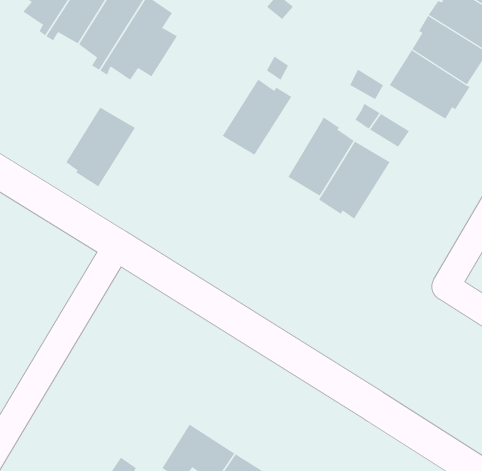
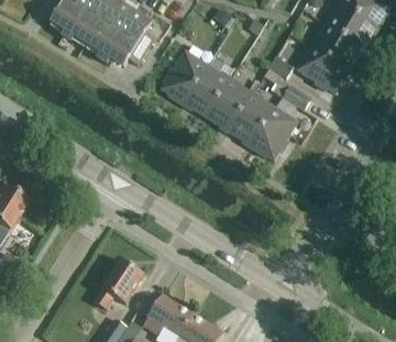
building: none -> [206,76,251,130]
building: [65,107,136,187] -> [161,49,208,103]
building: none -> [94,260,144,312]

